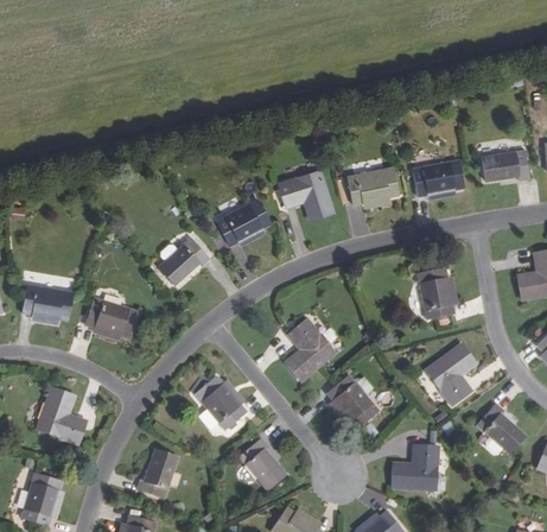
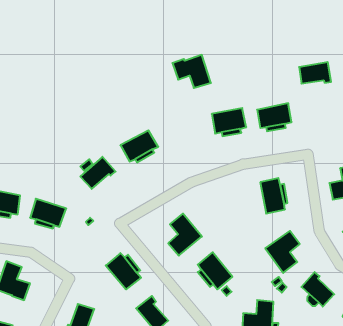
building: [482,150,528,180] -> [299,62,331,84]
building: [278,171,333,218] -> [172,55,211,88]

